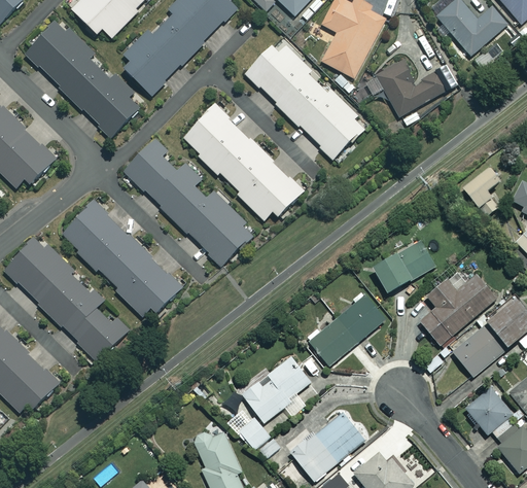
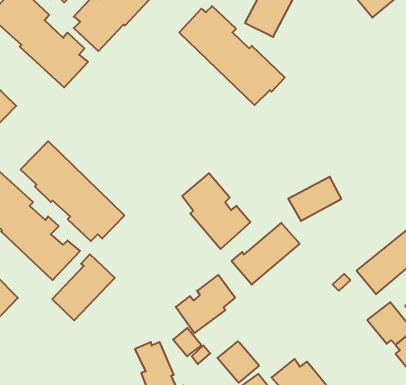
building: [364,59,450,117] -> none
building: [182,103,304,220] -> none
building: [124,139,255,266] -> none
building: [461,167,499,217] -> none
building: none -> [182,173,250,249]
building: [419,275,495,346] -> none
building: none -> [52,254,115,320]
building: [315,412,364,461] -> none

